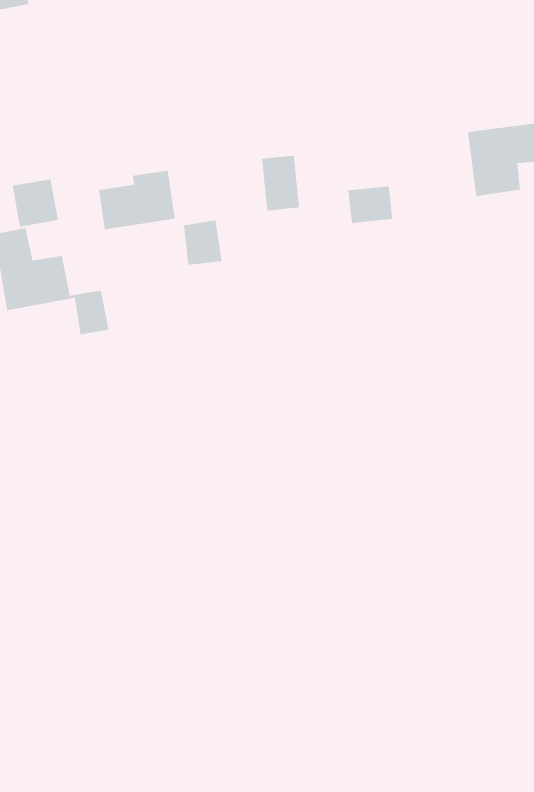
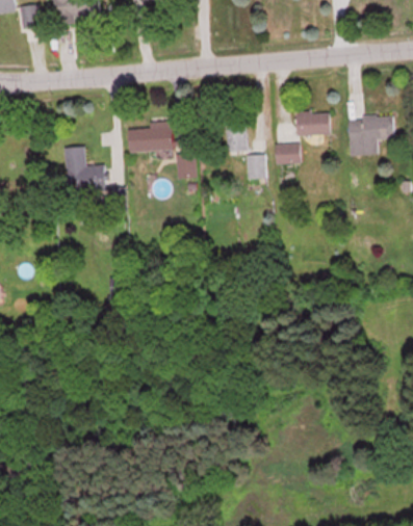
building: none -> [296,111,330,134]
building: [12,178,58,227] -> none
building: none -> [248,155,266,178]

